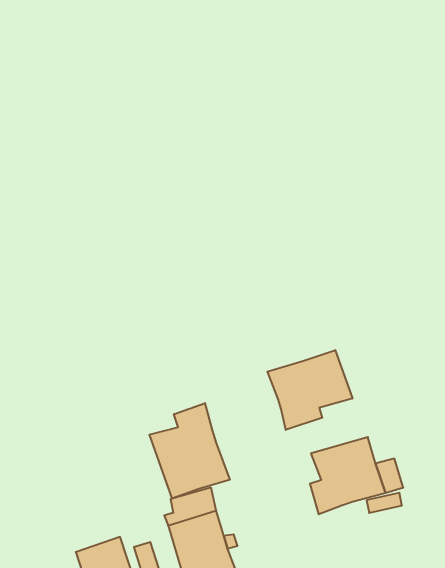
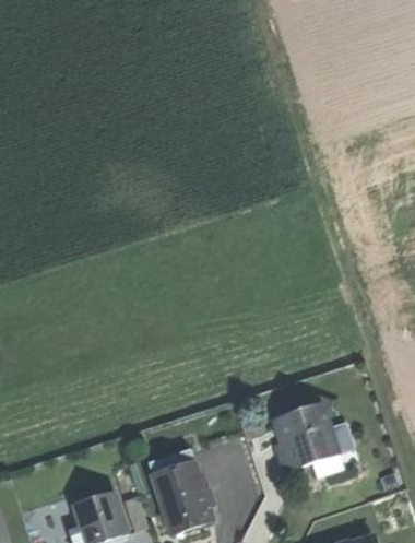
building: [267,350,352,430] -> none
building: [149,403,230,499] -> none

